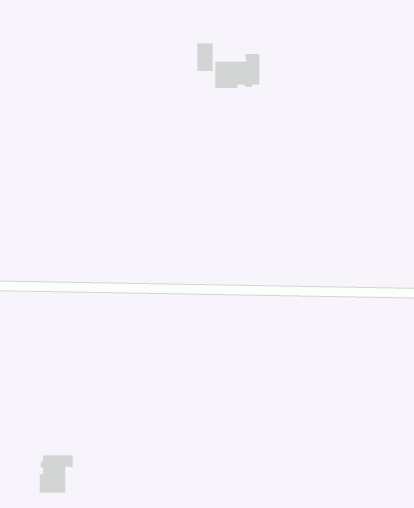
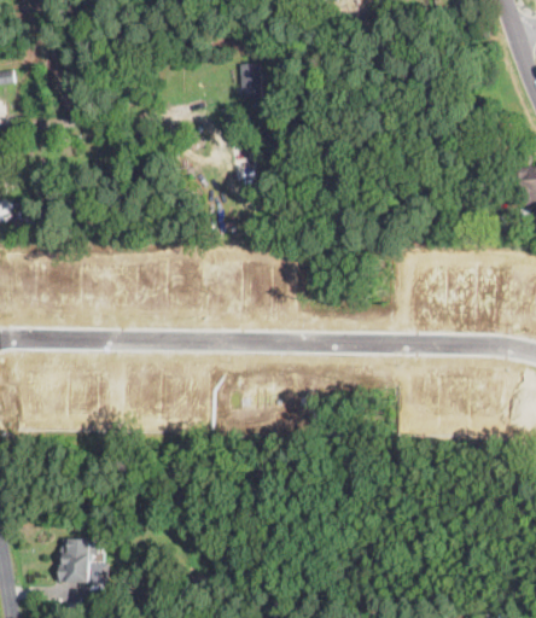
building: [215,53,260,89] -> none

